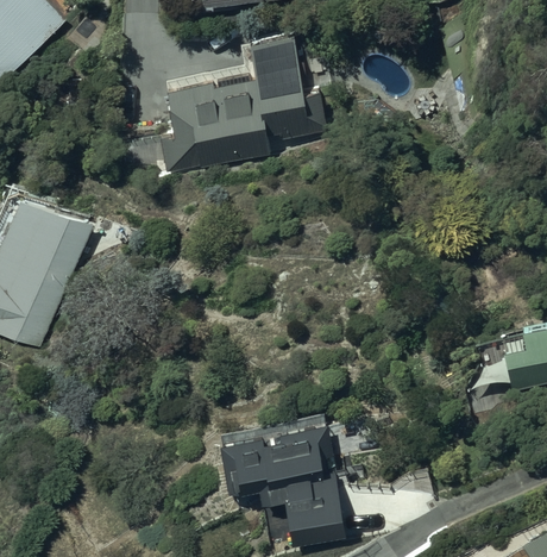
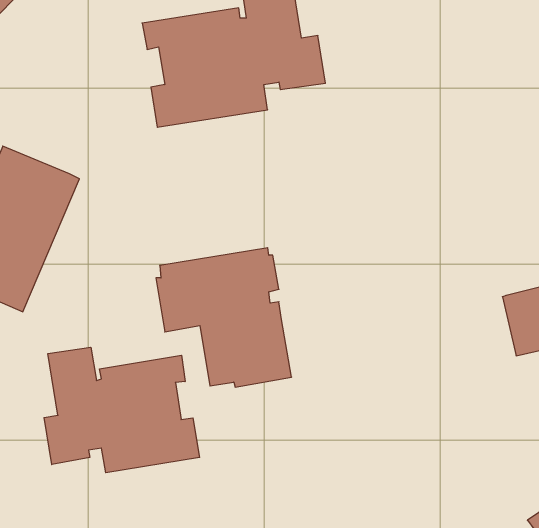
building: none -> [44,347,200,473]
building: [218,415,346,547] -> [156,248,292,387]

